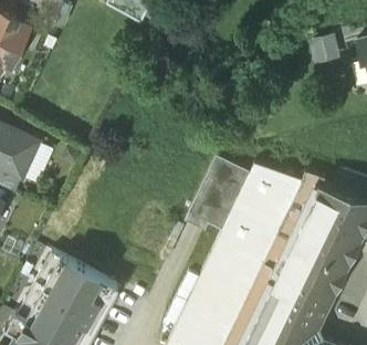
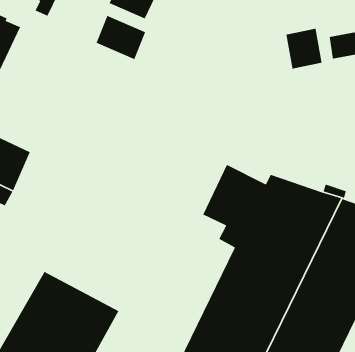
building: none -> [95,15,146,60]
building: none -> [285,28,323,69]

